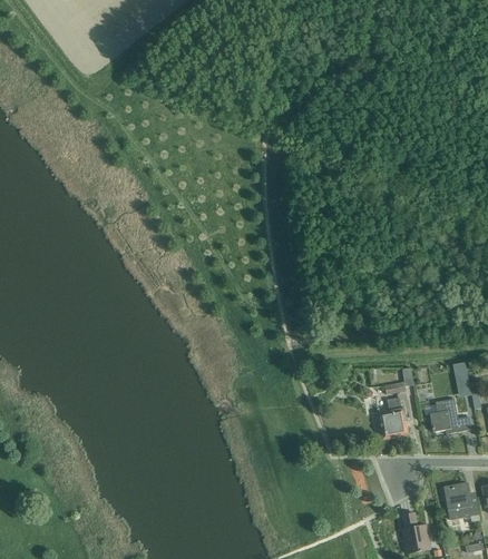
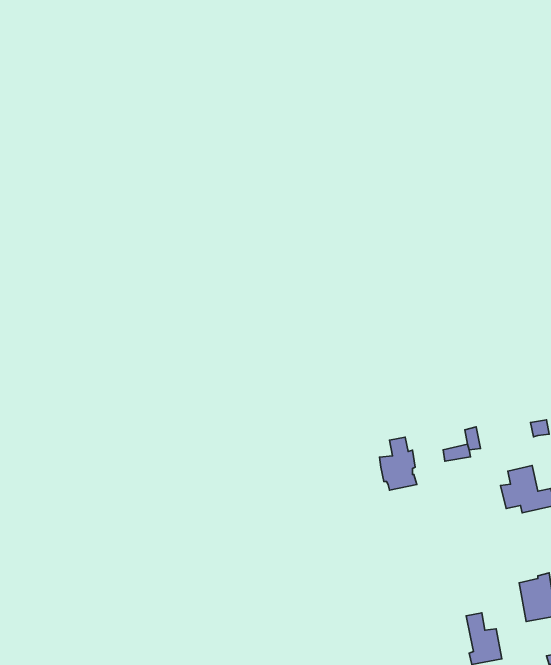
building: [379,396,408,438] -> [380,437,417,490]

